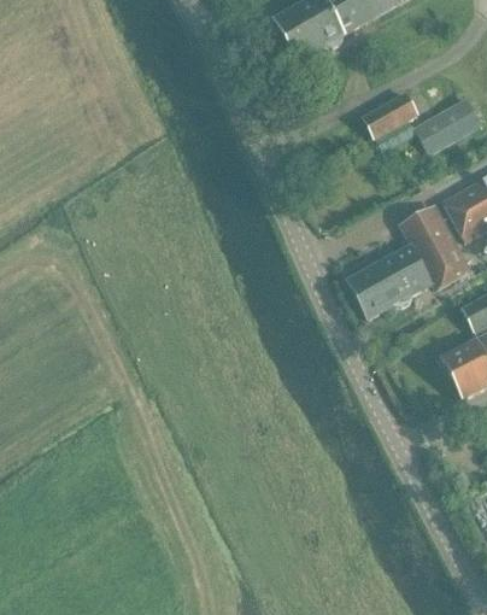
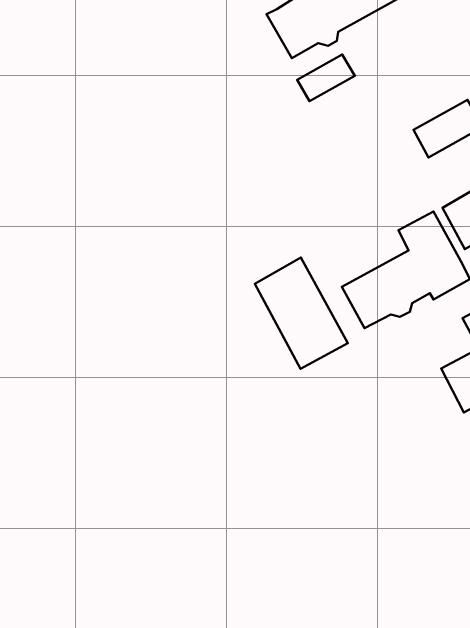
building: [363,93,418,137] -> [297,55,355,101]
building: none -> [255,257,348,369]

